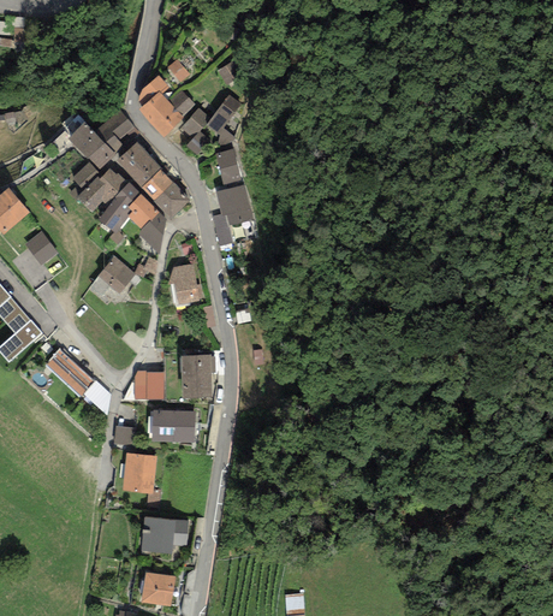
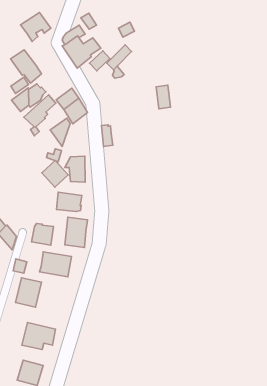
building: [94,109,138,153] -> [20,13,51,41]
building: [115,141,161,188] -> none
building: [215,148,240,184] -> [156,85,171,109]
building: [215,184,251,225] -> none
building: [127,192,160,229] -> none
building: [97,255,136,294] -> [42,161,68,187]
building: none -> [56,192,82,211]

